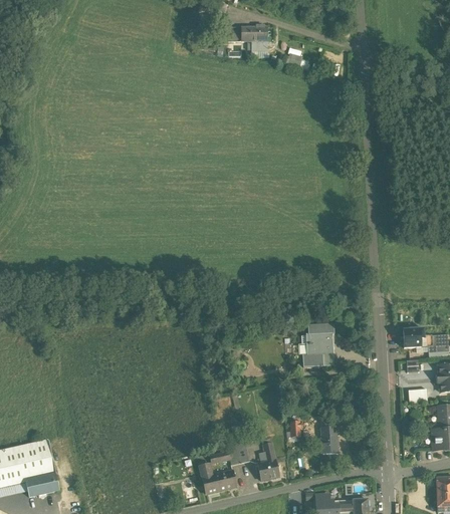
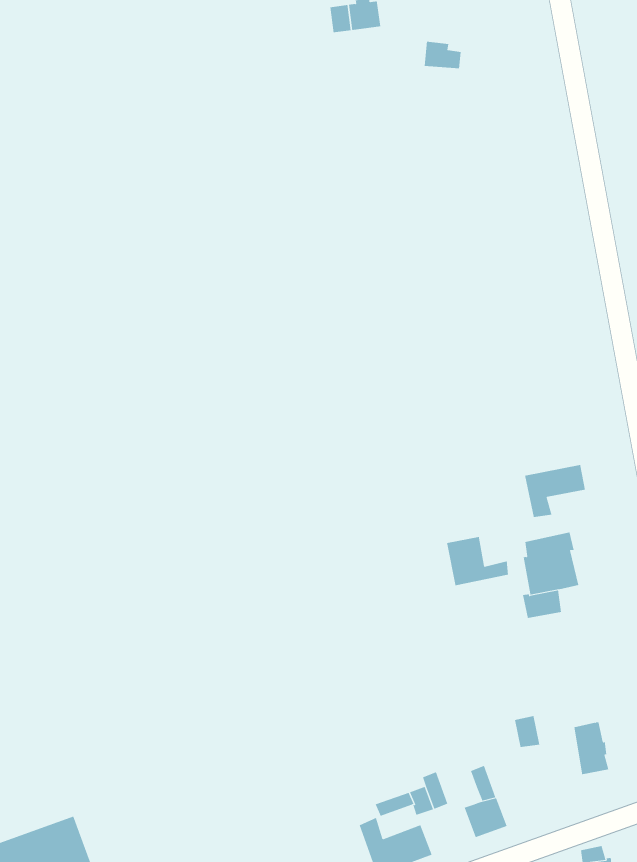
building: none -> [525,464,585,518]
building: none -> [446,536,509,586]

